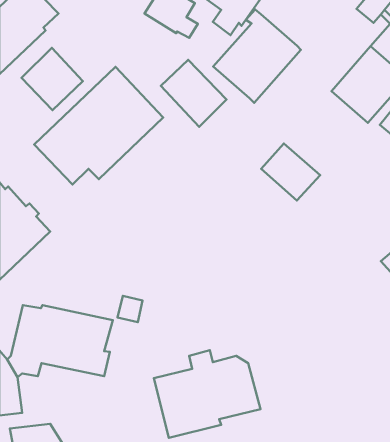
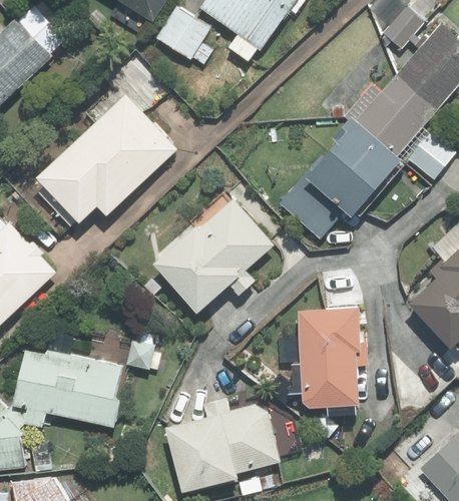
building: [213,10,301,103] -> [305,116,399,216]
building: [21,48,83,110] -> none
building: [161,60,227,127] -> none
building: none -> [153,194,273,312]
building: none -> [298,308,368,407]

